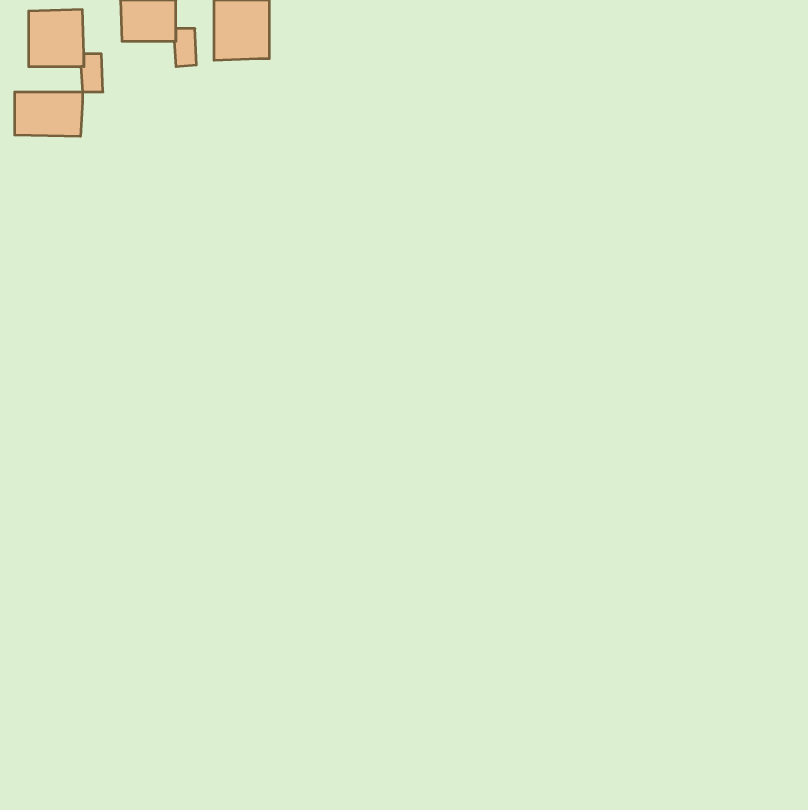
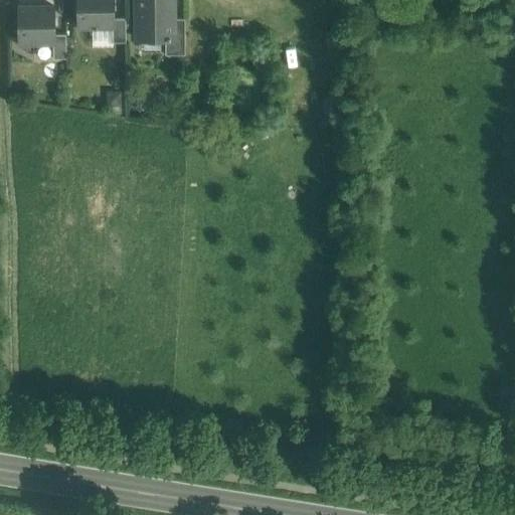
building: none -> [164,18,184,54]
building: [15,92,82,136] -> none

